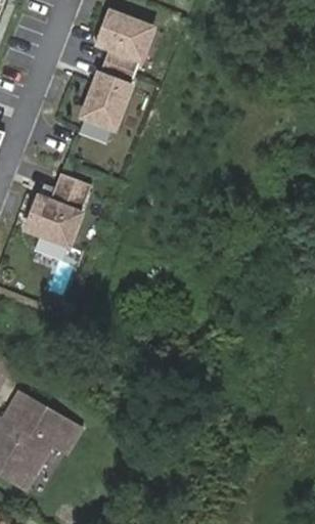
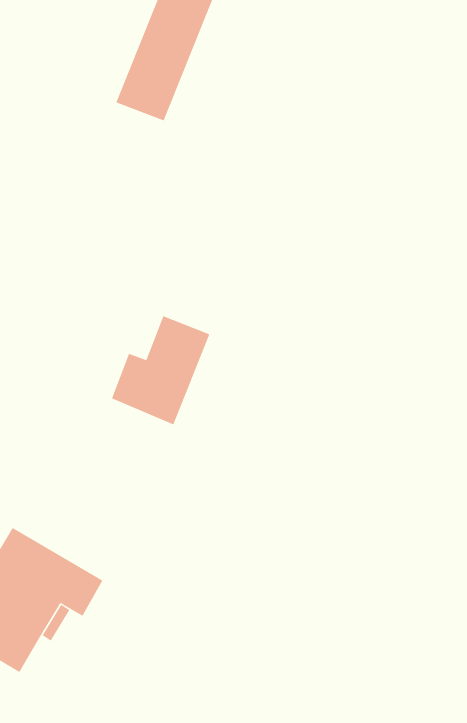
building: [27,172,91,244] -> [111,315,210,425]

